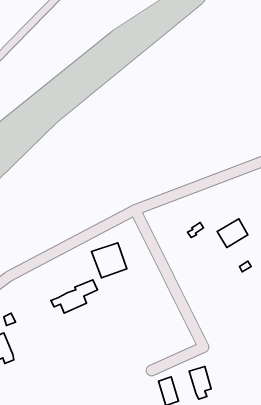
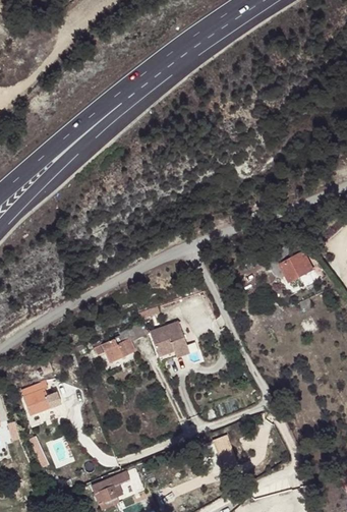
building: [92,243,127,278] -> [149,320,188,359]
building: [189,367,211,399] -> none

